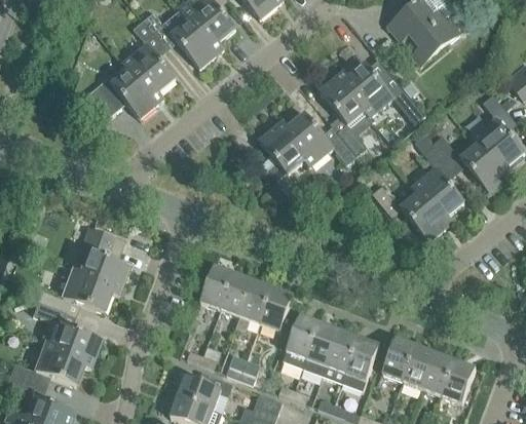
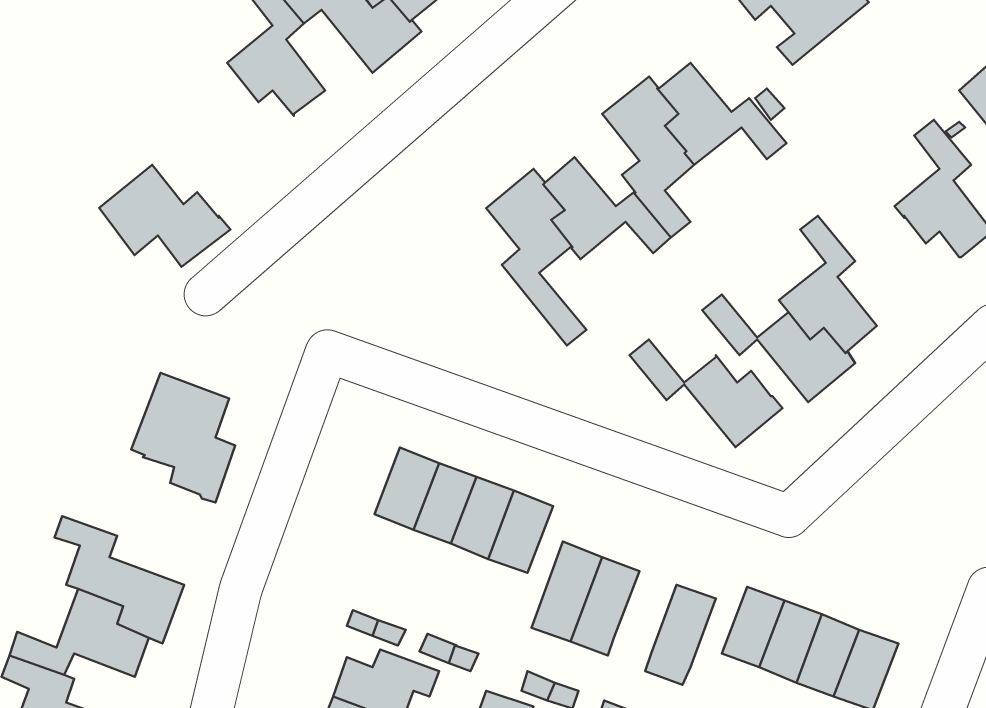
building: [96,64,164,117] -> [99,165,231,267]
building: [433,136,513,192] -> [629,339,782,447]
building: [37,266,110,311] -> none
building: [323,330,359,382] -> none

